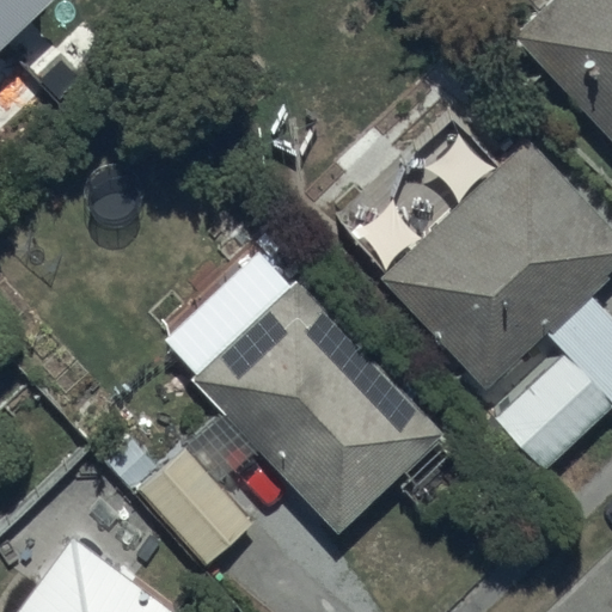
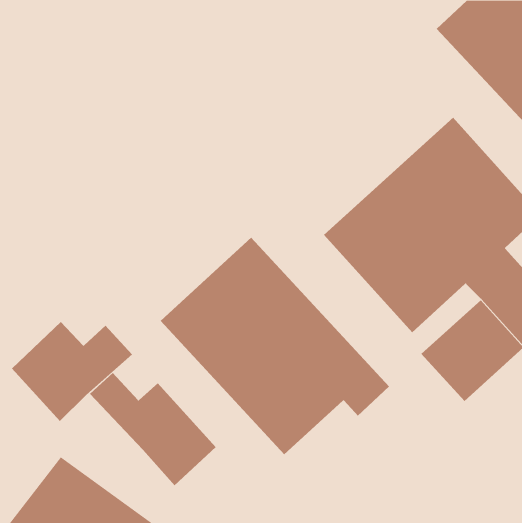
building: none -> [11,321,133,422]

